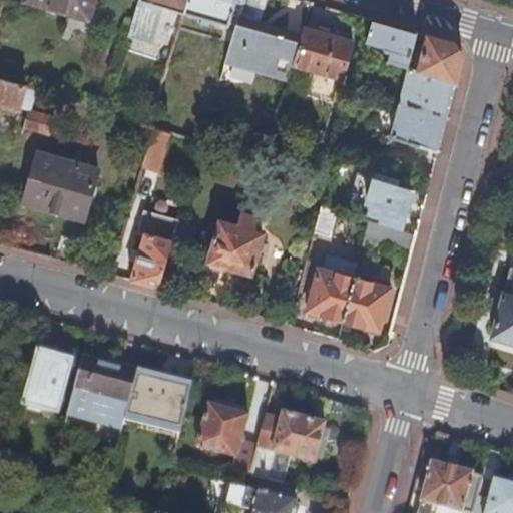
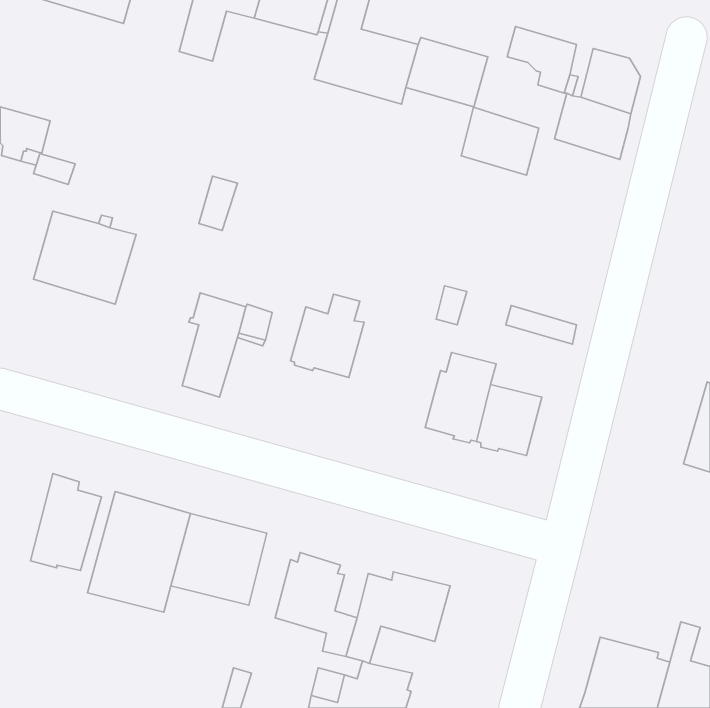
building: [391,100,447,149] -> [461,107,539,175]
building: [366,172,411,226] -> none

